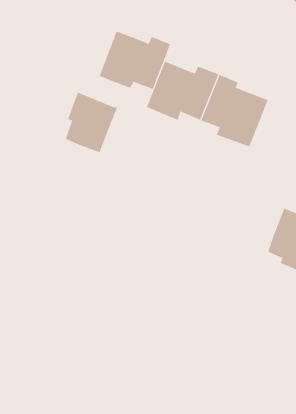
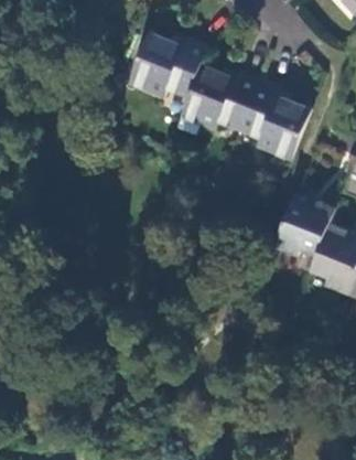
building: [65,92,118,153] -> none
building: none -> [276,192,336,256]

